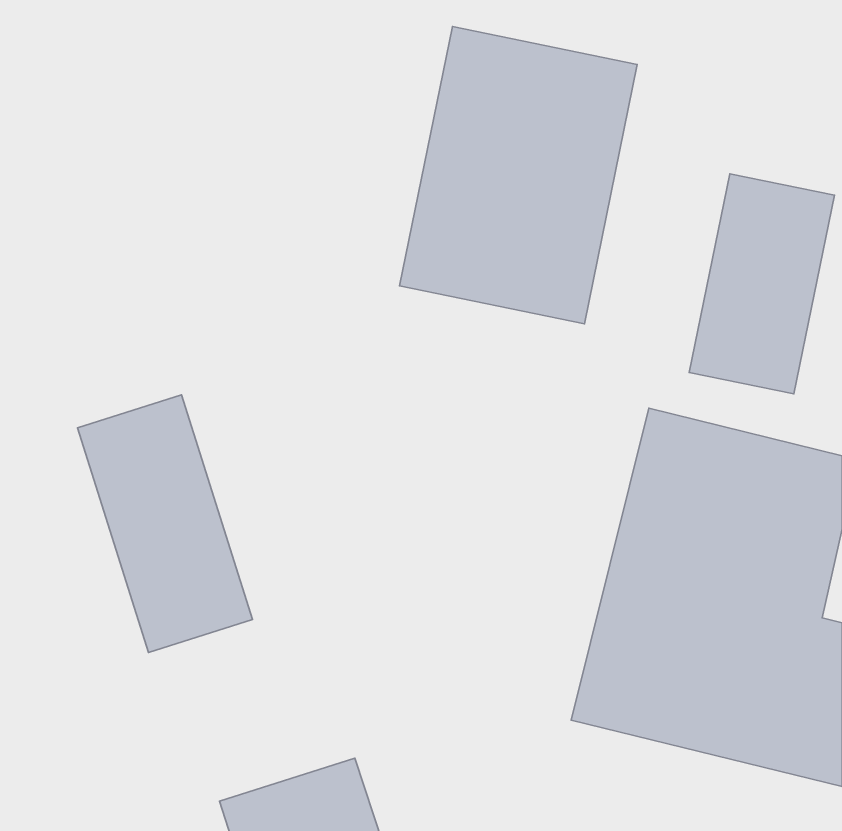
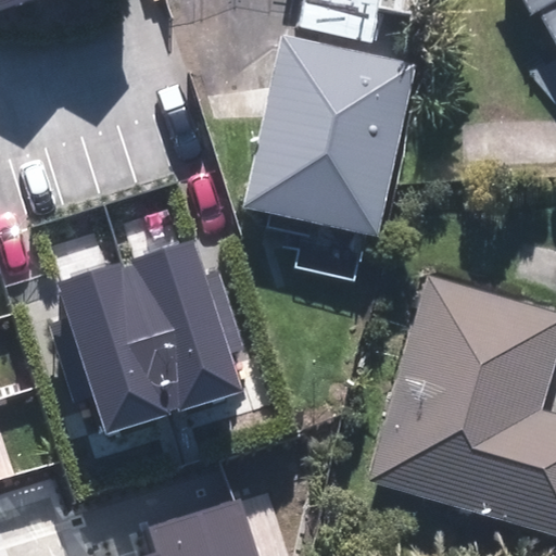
building: [689,174,834,394] -> none
building: none -> [119,247,236,416]

